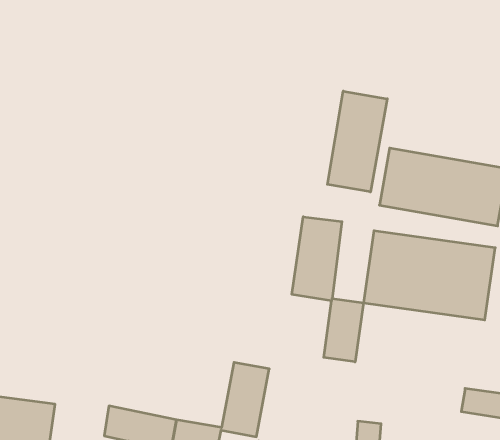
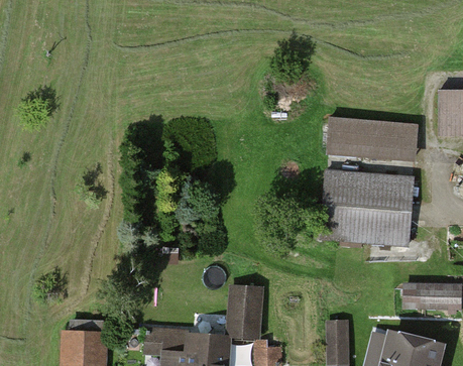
building: [327,91,387,192] -> none
building: [292,217,363,362] -> none

